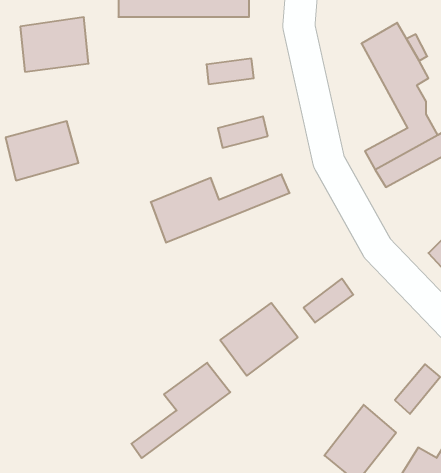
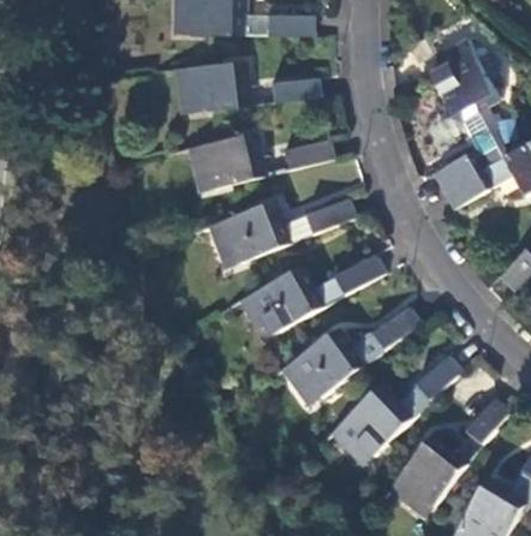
building: [20,17,89,72] -> [175,59,246,115]
building: [6,121,78,180] -> [186,132,262,193]
building: none -> [241,252,384,339]
building: none -> [332,353,461,466]
building: [131,363,230,458] -> none

